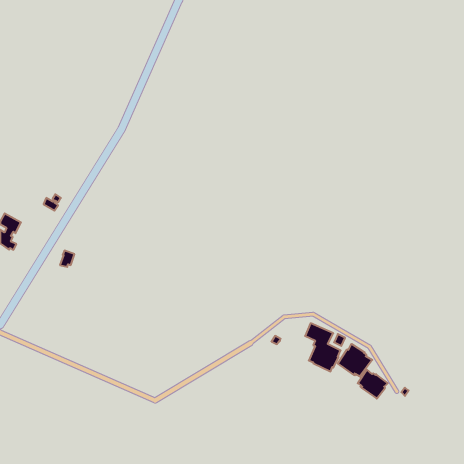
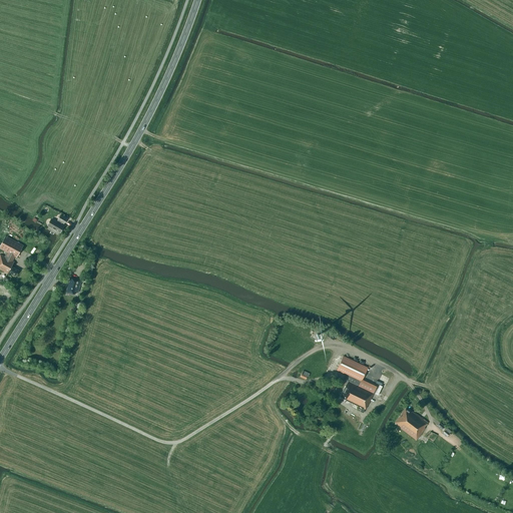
building: [338,344,372,377] -> none

